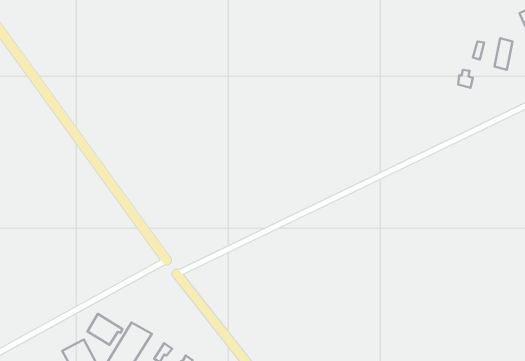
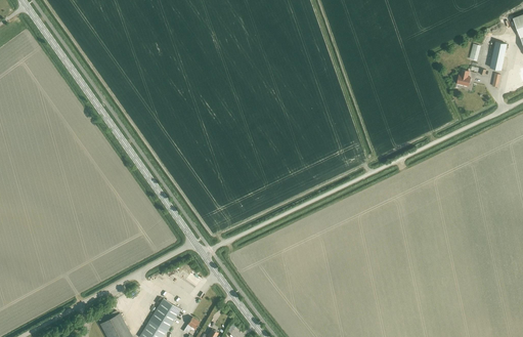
building: [87,314,123,345] -> none

